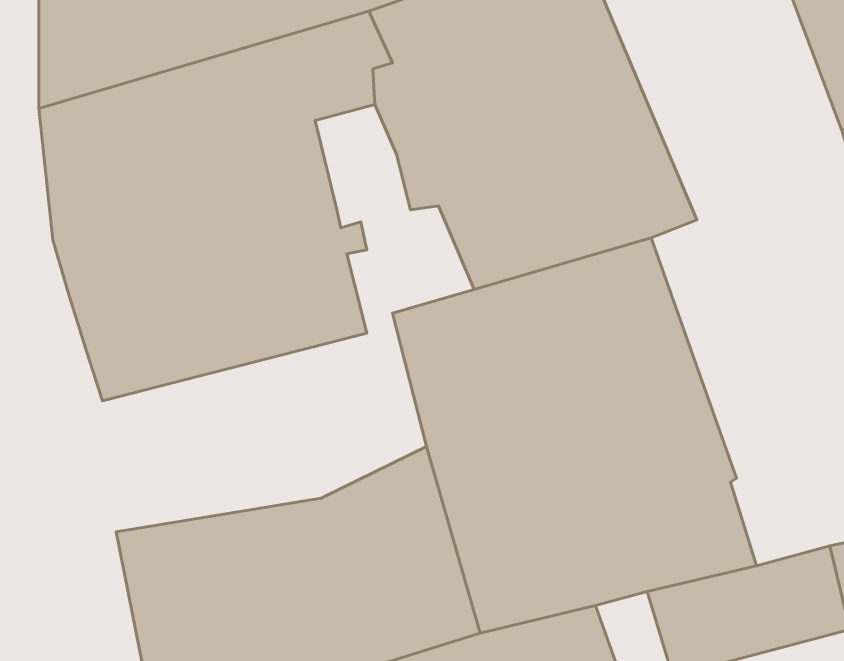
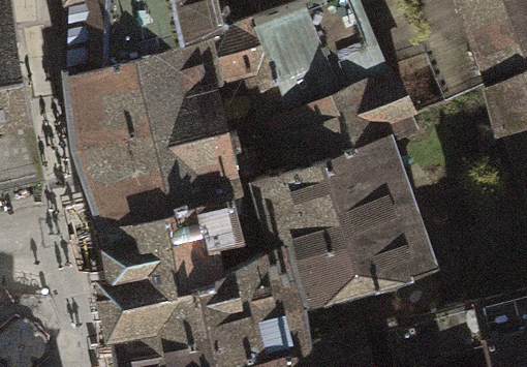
building: none -> [103,193,252,297]

